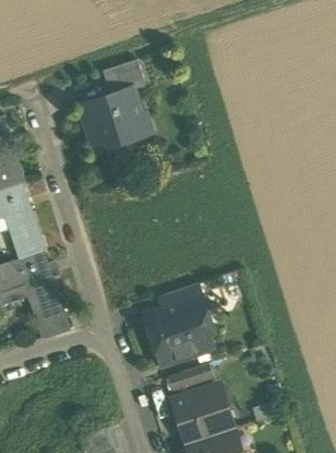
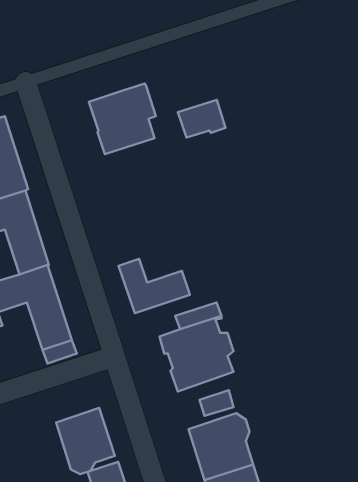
building: [103,60,146,94] -> [178,100,225,138]
building: none -> [118,259,190,313]
building: none -> [56,408,115,474]

